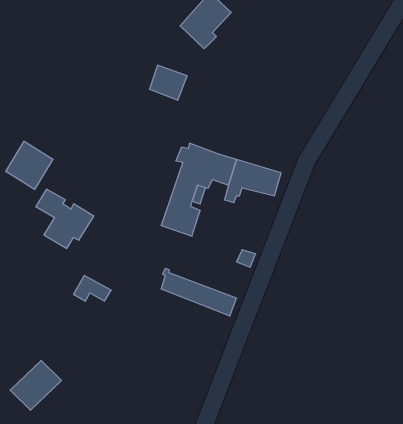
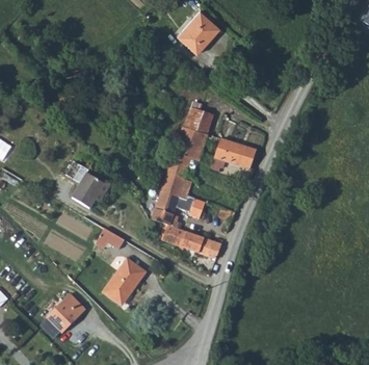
building: [149,65,187,100] -> [184,107,213,134]
building: [6,141,53,190] -> none
building: none -> [153,189,205,225]
building: none -> [102,258,144,304]

